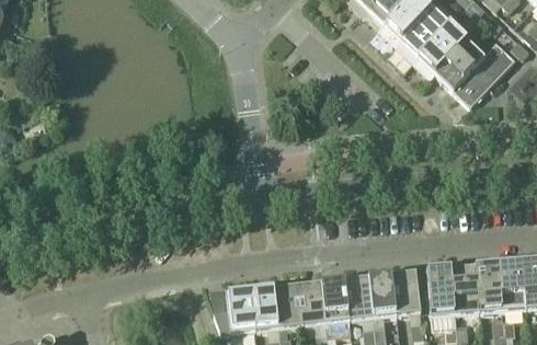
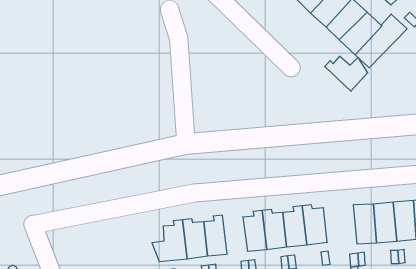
building: none -> [325,56,368,91]
building: [426,268,455,317] -> none
building: [296,279,325,326] -> none

